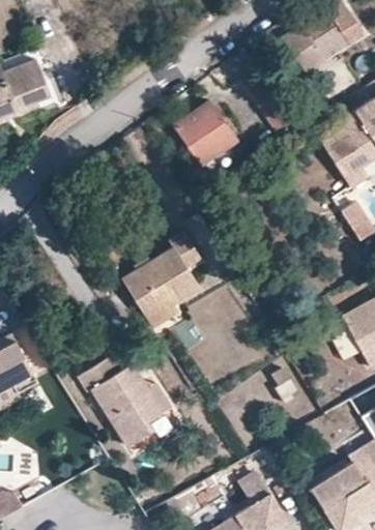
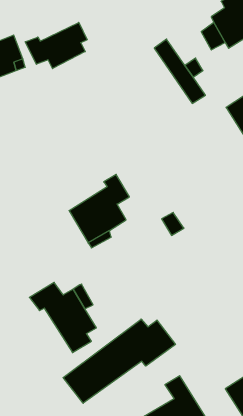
building: none -> [25,22,87,69]
building: [172,102,237,169] -> none
building: none -> [63,319,175,403]

